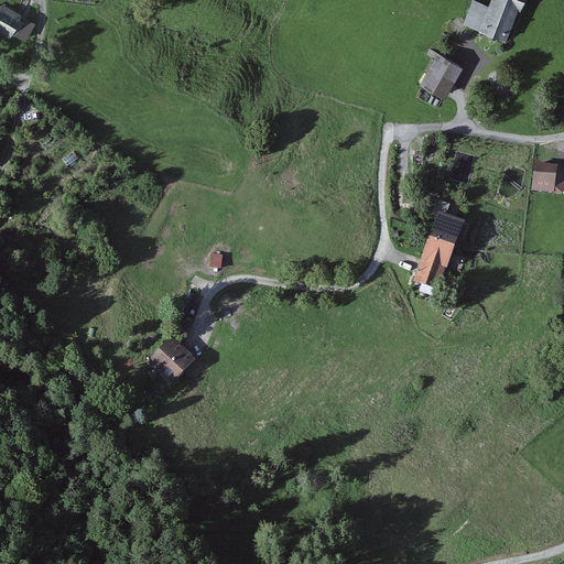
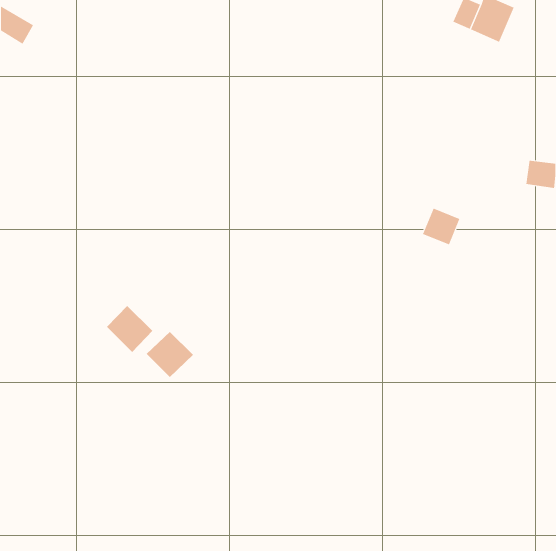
building: [422,47,466,93] -> none
building: [411,237,455,290] -> none
building: none -> [106,305,153,353]

